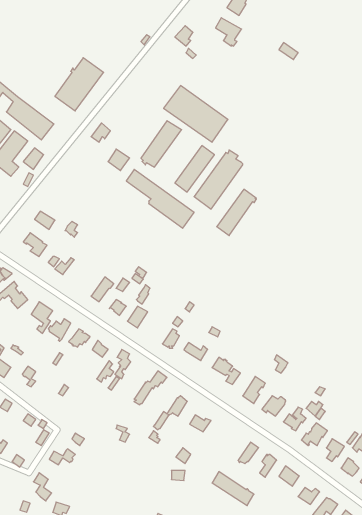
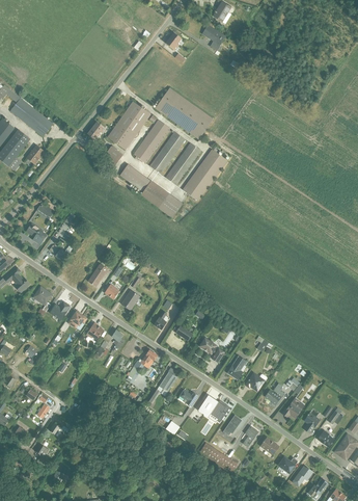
building: [55,58,104,111] -> [106,101,150,150]
building: [217,189,256,236] -> [148,131,185,174]
building: none -> [197,394,229,422]

